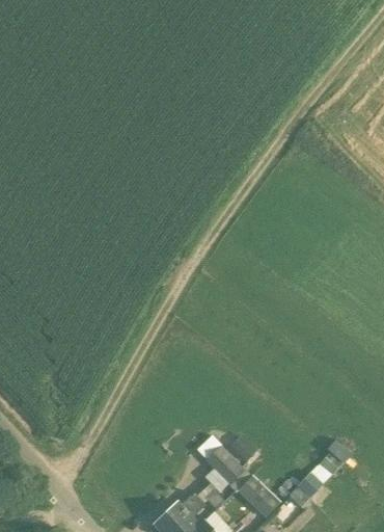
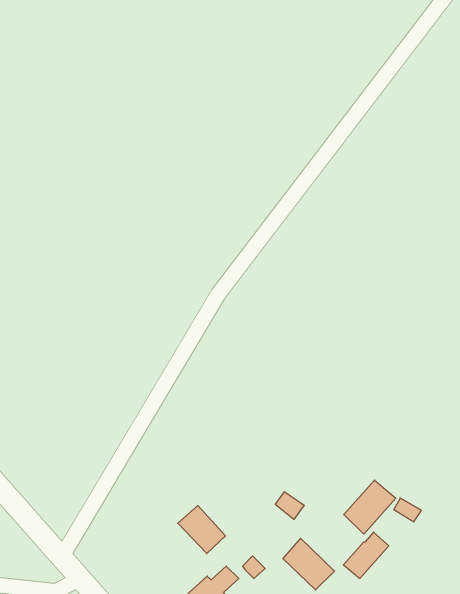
building: none -> [344,480,396,534]
building: [203,446,243,485] -> [178,506,226,554]

